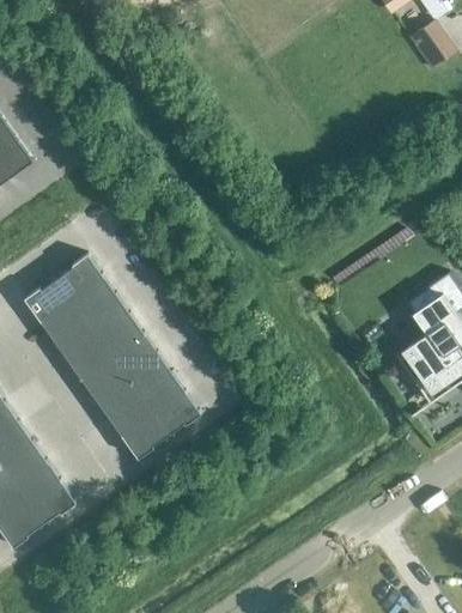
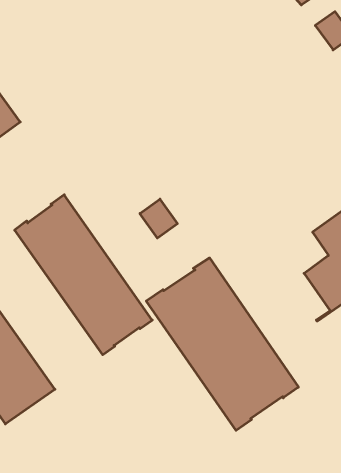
building: none -> [140,199,177,238]
building: none -> [146,258,298,430]

